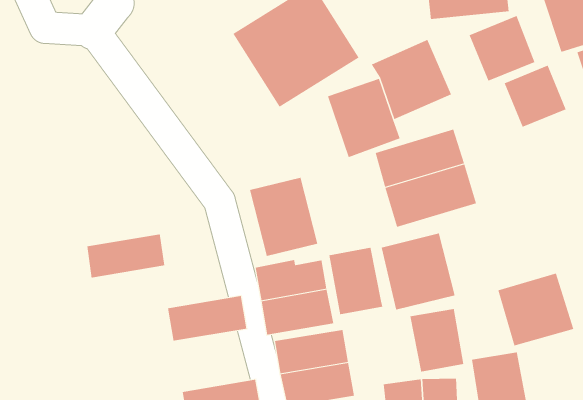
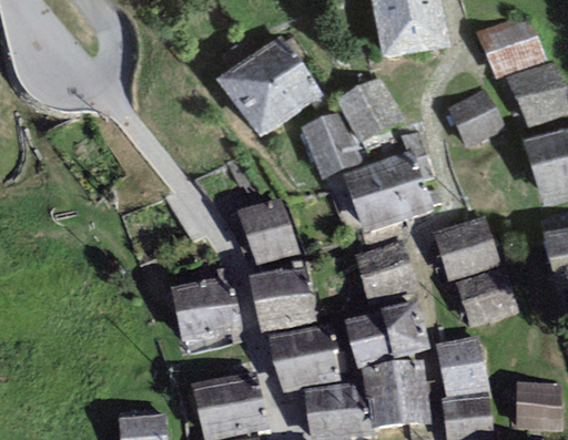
building: [469,15,535,82] -> none
building: none -> [433,215,500,280]
building: [86,234,165,278] -> [170,274,237,315]
building: [329,247,383,315] -> [345,309,394,368]

